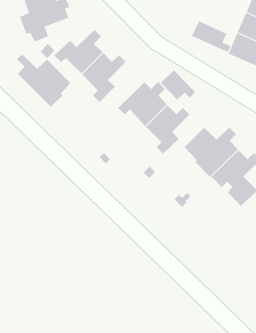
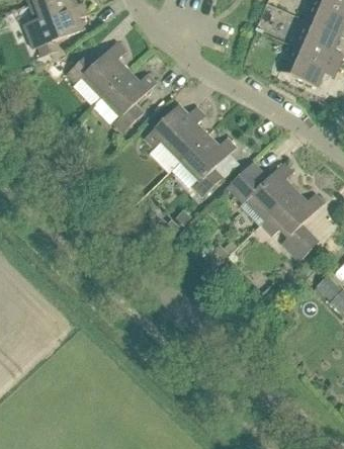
building: [191,20,231,53] -> none
building: [16,53,71,107] -> none
building: [160,69,196,101] -> none

